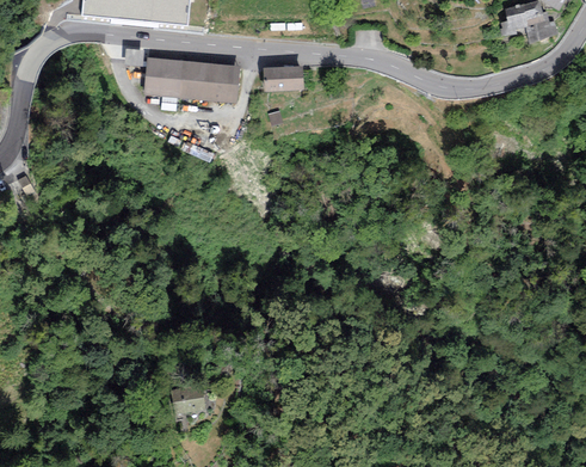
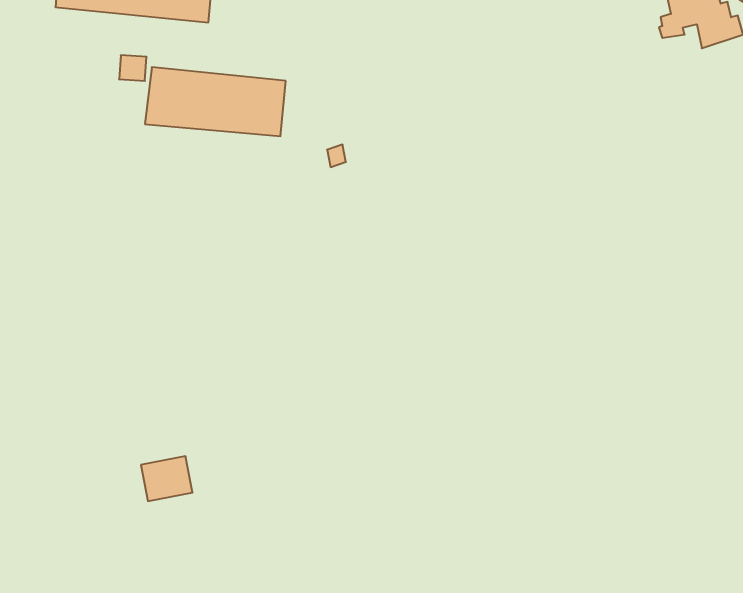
building: [263,64,304,92] -> none
building: [171,383,206,414] -> [141,456,193,501]

